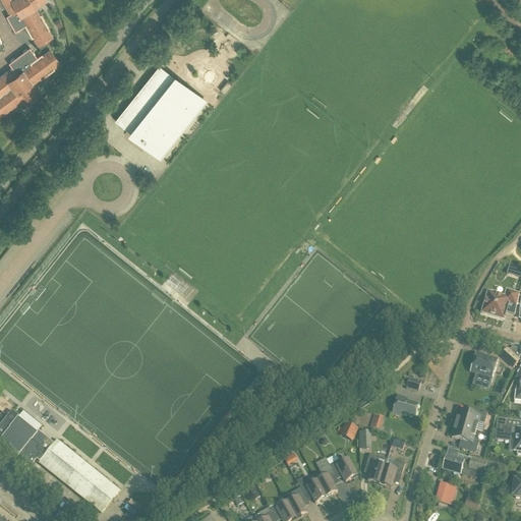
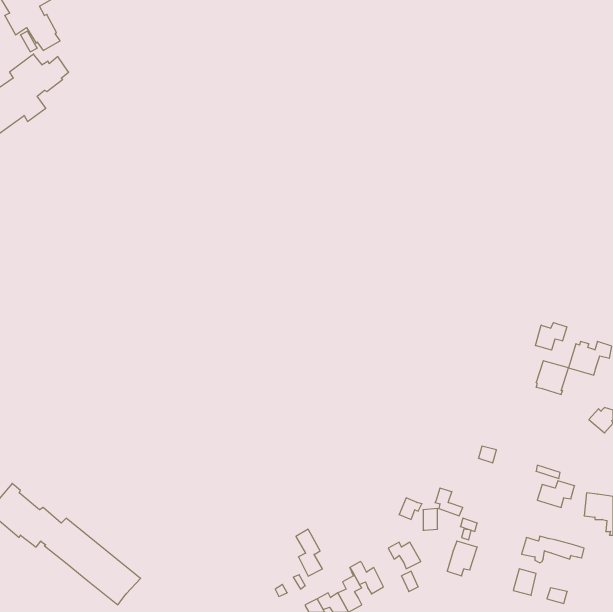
building: [114,63,206,158] -> none
building: none -> [535,323,567,350]
building: [469,352,497,381] -> [536,361,569,394]
building: [392,395,418,416] -> none
building: [451,423,478,452] -> none
building: [363,454,384,483] -> none
building: [314,457,337,497] -> [296,529,322,576]

